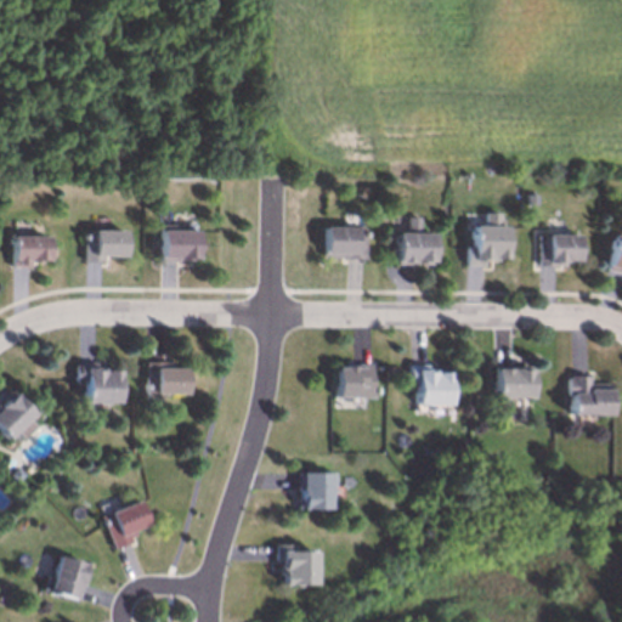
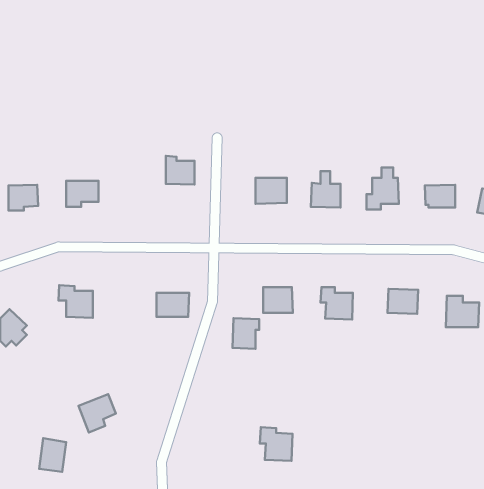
building: [166,224,203,260] -> [166,156,195,185]
building: [151,363,192,394] -> [156,293,189,317]
building: [305,471,339,510] -> [233,318,259,349]
building: [279,543,321,586] -> [260,427,293,461]

